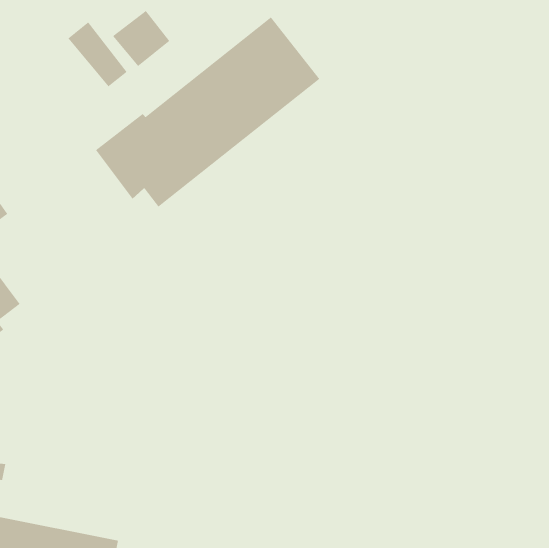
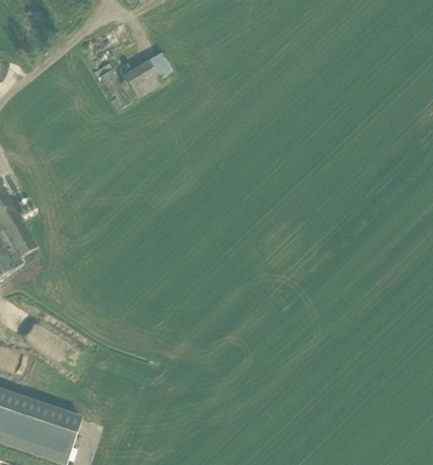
building: [95,16,320,207] -> none

